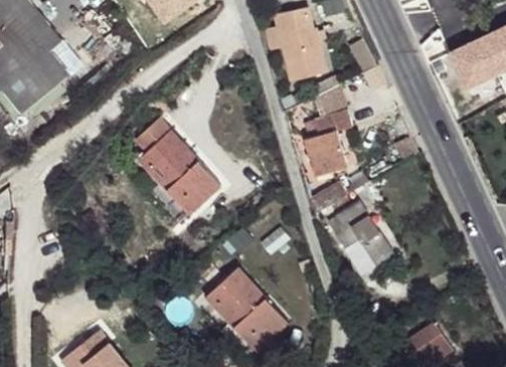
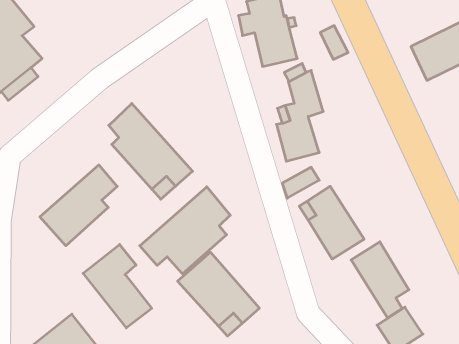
building: none -> [40,165,117,246]
building: none -> [140,187,230,274]
building: none -> [351,242,409,318]
building: none -> [83,244,152,328]

